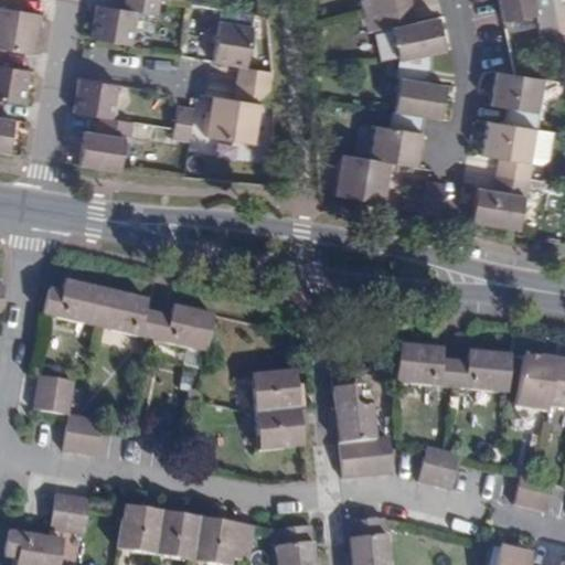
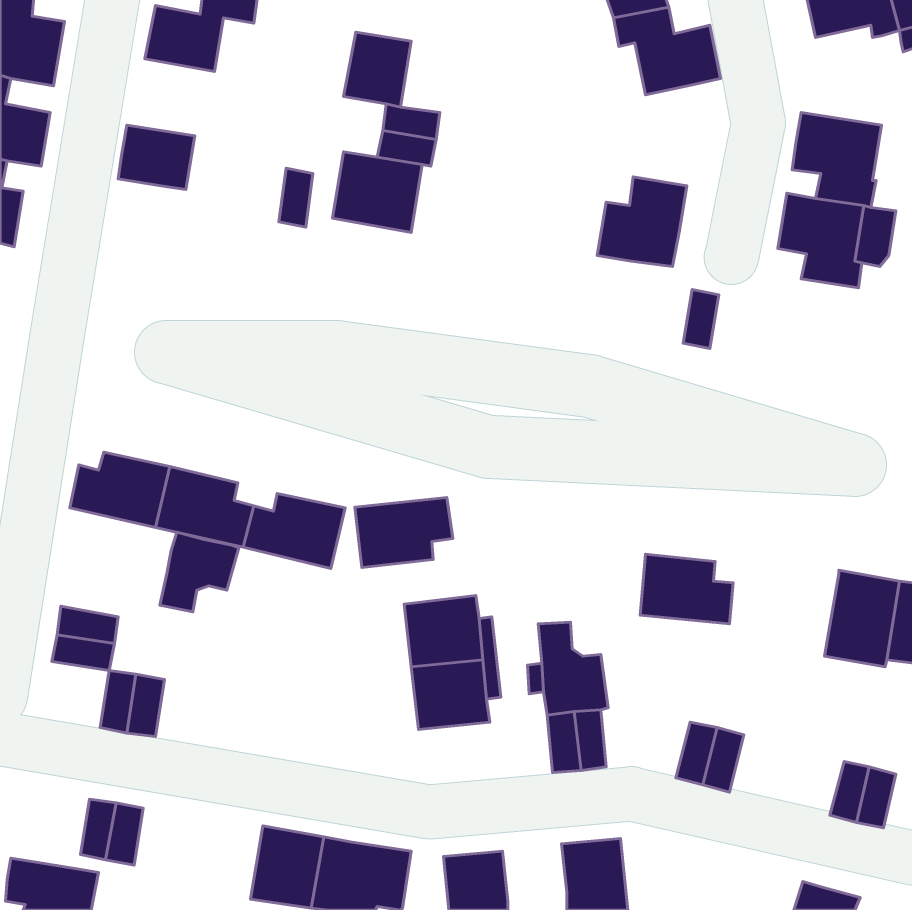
building: [392,52,446,117] -> none
building: [78,115,136,170] -> none
building: [335,152,391,202] -> none
building: [471,172,531,228] -> none
building: none -> [355,497,453,568]
building: none -> [160,532,239,612]
building: [451,349,510,391] -> none
building: [118,504,163,555] -> none

